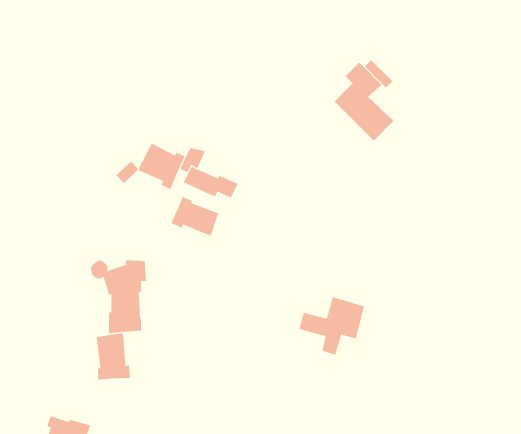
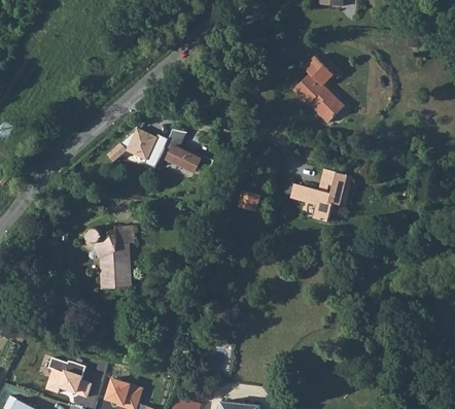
building: [171,196,219,236] -> none
building: [298,297,365,356] -> [293,171,350,221]
building: [96,332,131,380] -> none

